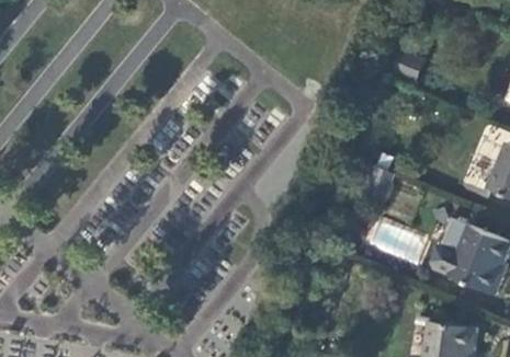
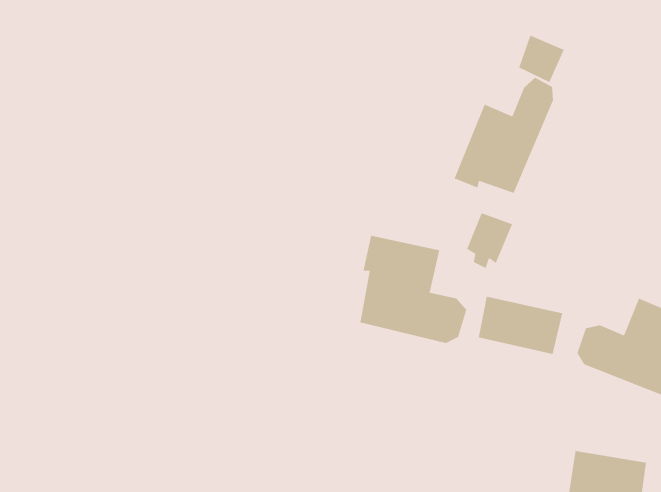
building: none -> [453,77,554,194]
building: none -> [359,235,467,344]

